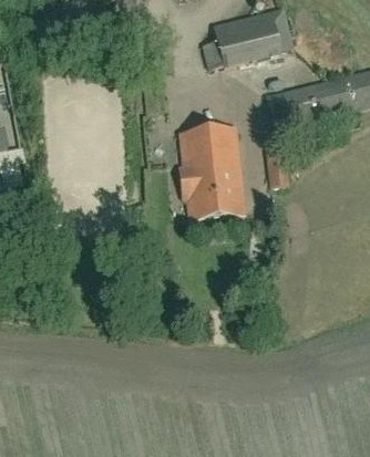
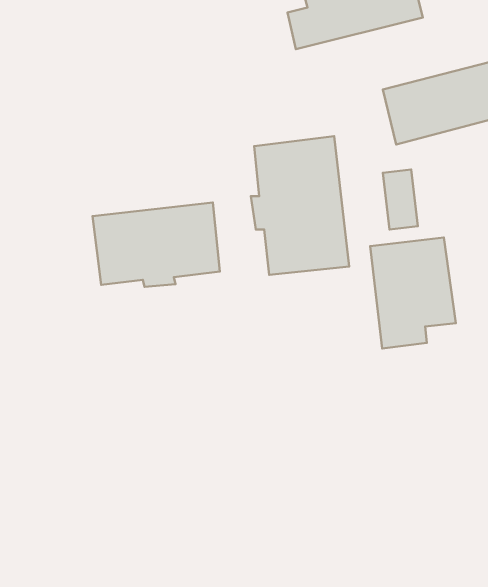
building: none -> [92,202,220,287]
building: none -> [370,237,456,349]

